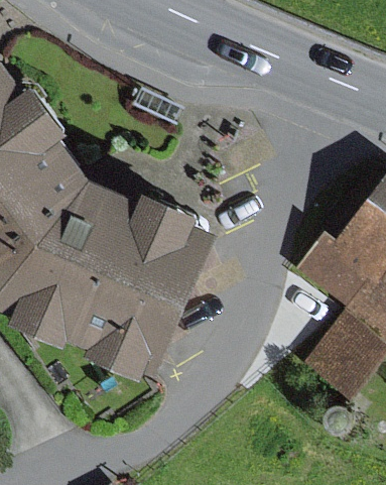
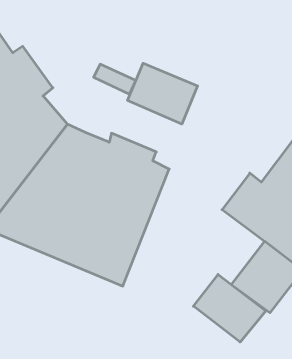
building: none -> [128,63,198,124]
building: none -> [193,274,266,342]

